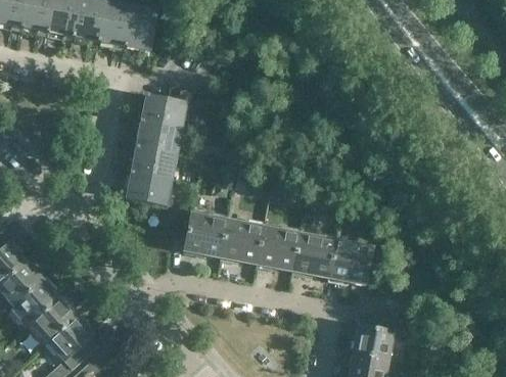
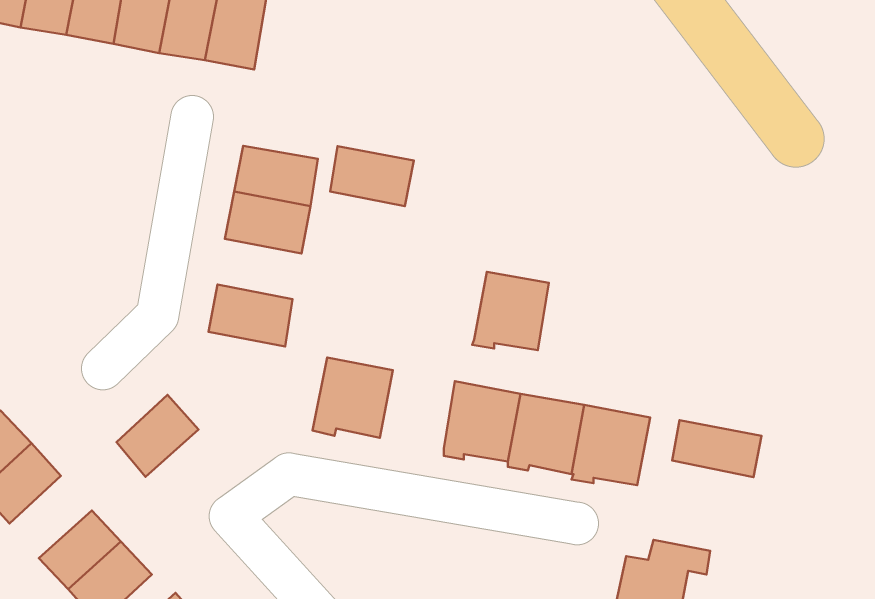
building: [130,145,177,179] -> [330,146,414,206]
building: [220,219,263,263] -> [472,272,549,350]
building: none -> [672,420,761,477]
building: [13,278,59,324] -> [116,395,198,477]

